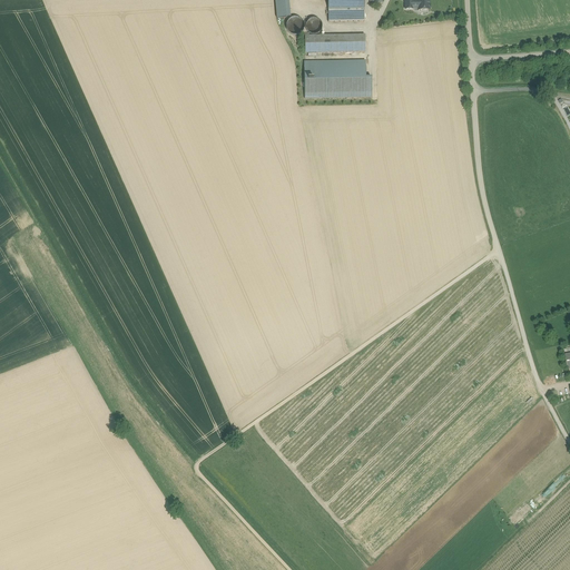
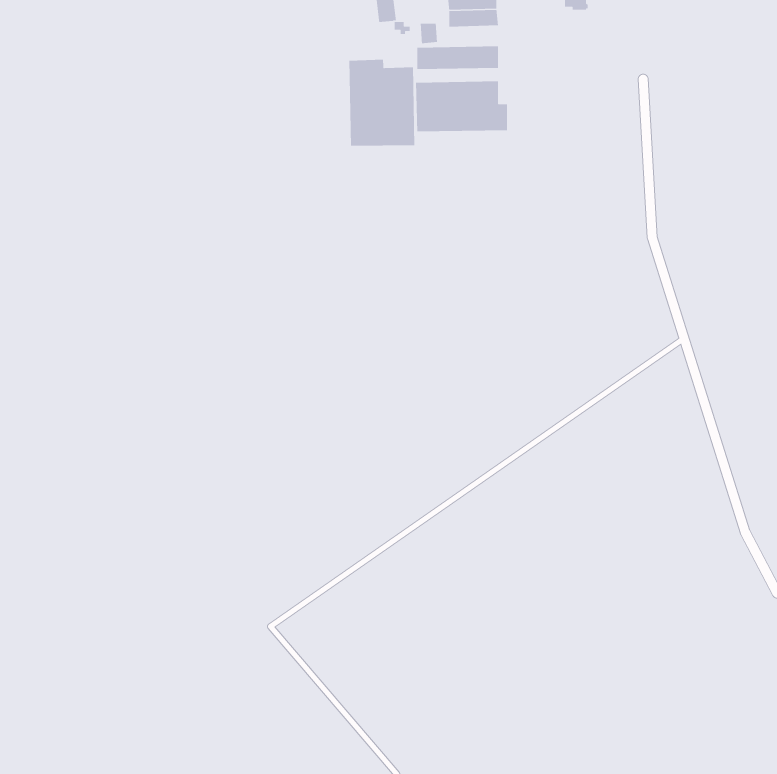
building: none -> [348,59,415,146]

